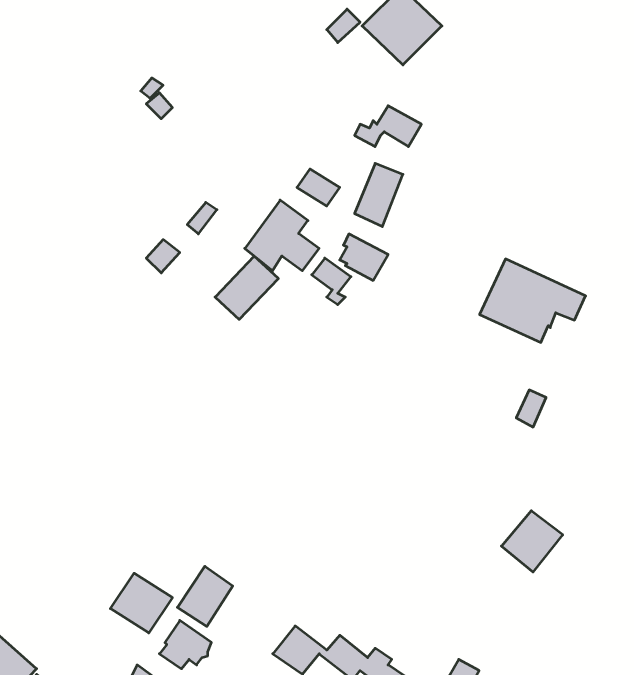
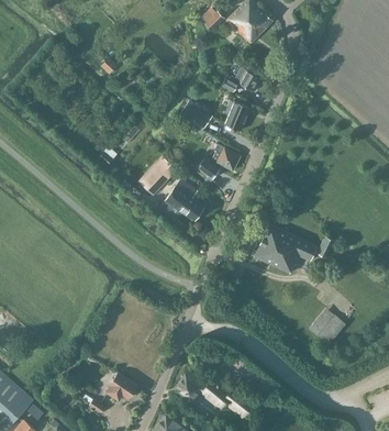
building: [245,200,319,271] -> [160,179,204,221]
building: [480,259,586,342] -> [255,224,318,274]
building: [177,566,233,626] -> none
building: [110,573,172,633] -> none

